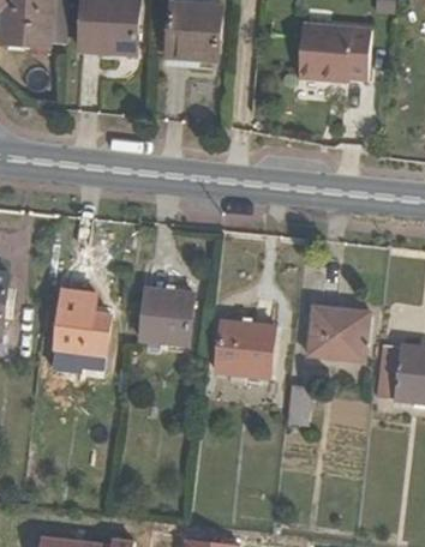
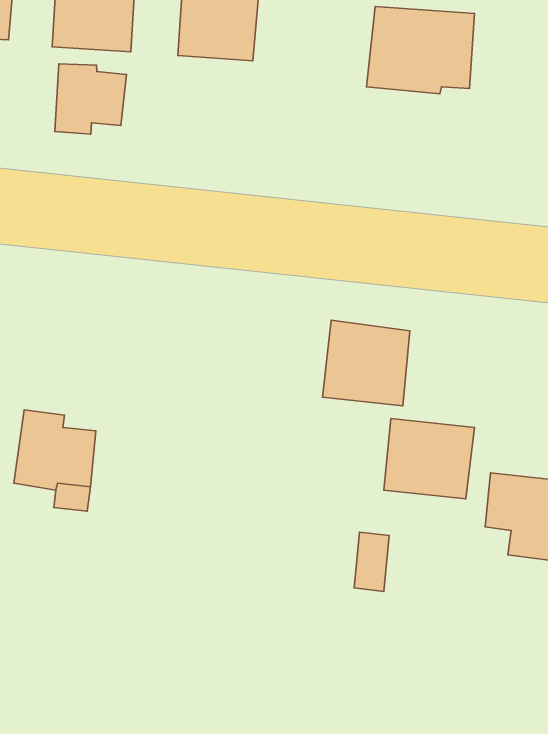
building: none -> [55,64,126,134]
building: [140,287,196,347] -> none
building: [215,319,275,378] -> [323,320,410,406]

